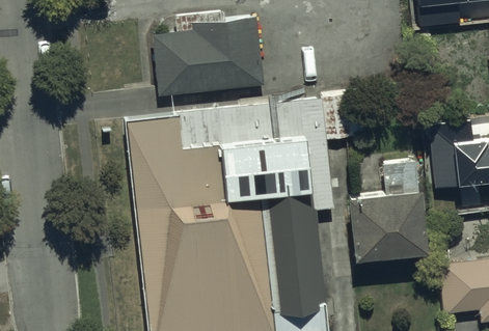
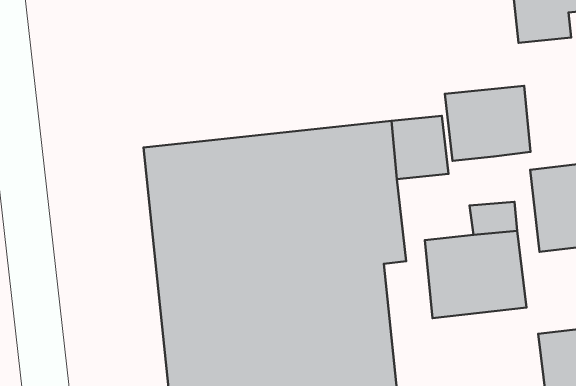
building: [151,12,267,96] -> none
building: none -> [445,86,530,161]

